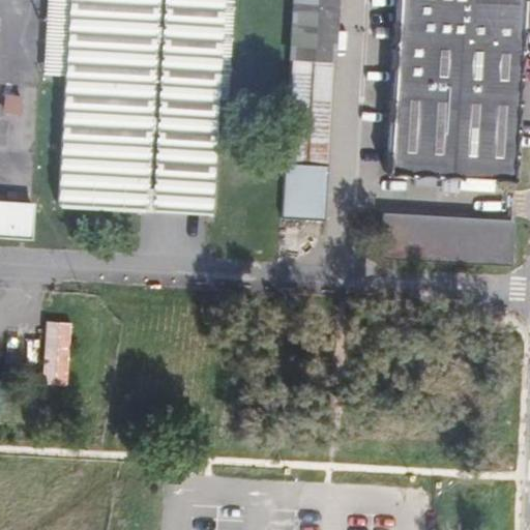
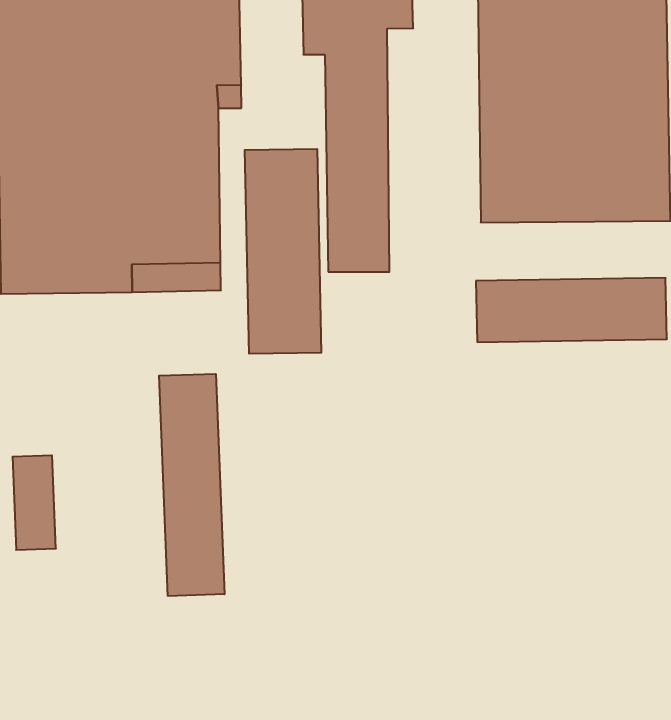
building: none -> [245,149,321,354]
building: none -> [159,374,224,596]

